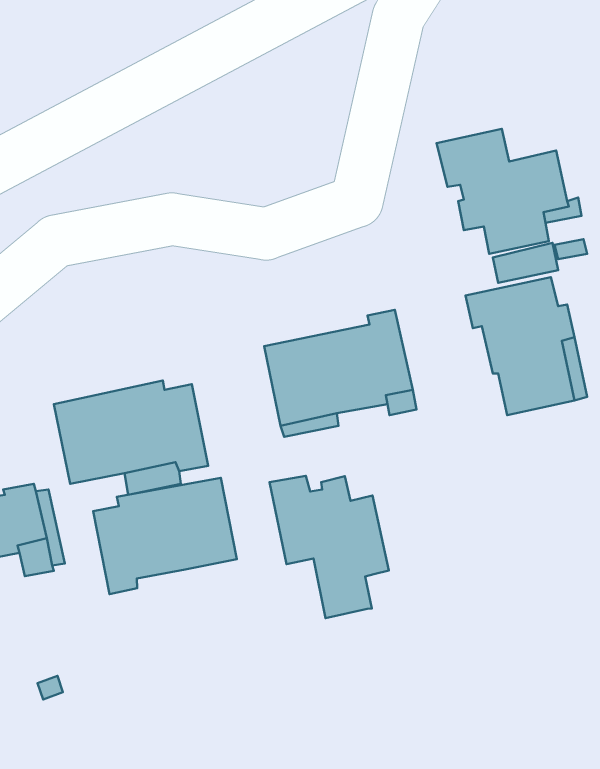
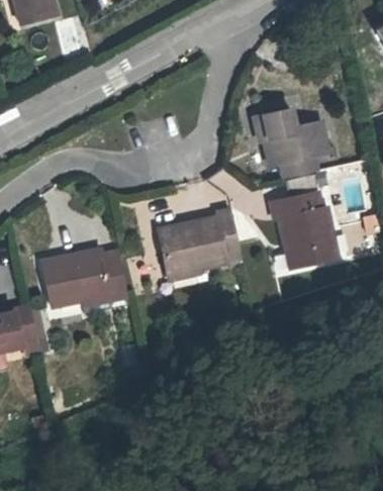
building: [270,476,389,618] -> none
building: [93,478,237,594] -> none

